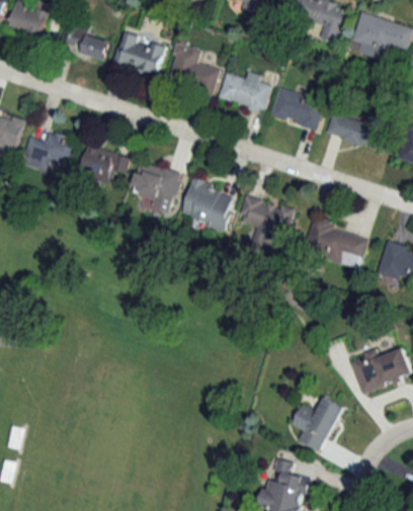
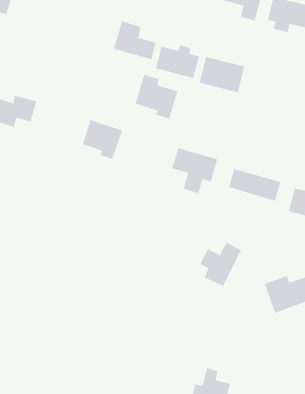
building: [58,23,108,60] -> none
building: [112,32,165,74] -> none
building: [325,113,387,152] -> none
building: [79,145,129,180] -> none
building: [180,176,233,231] -> [135,74,178,119]
building: [291,397,342,451] -> [199,241,242,287]

